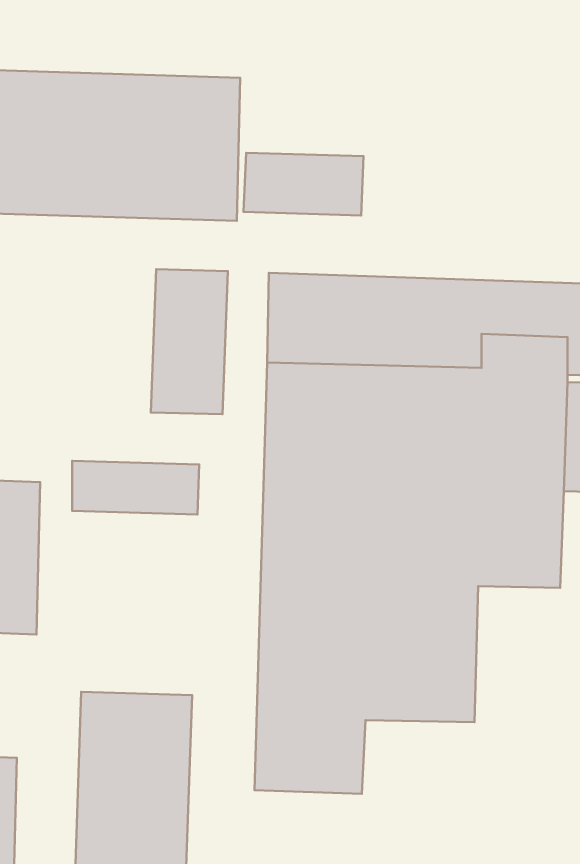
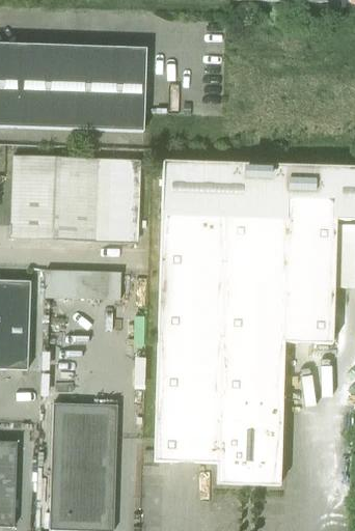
building: [244,153,364,215] -> none
building: none -> [10,155,97,241]
building: none -> [216,419,281,484]

